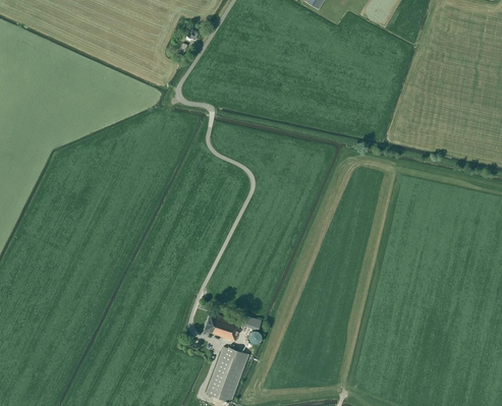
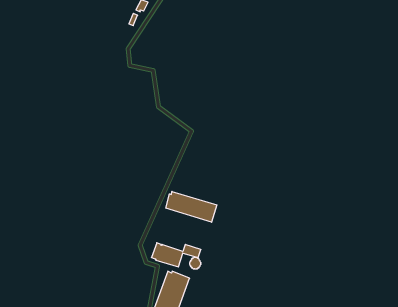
building: none -> [166,191,217,222]

